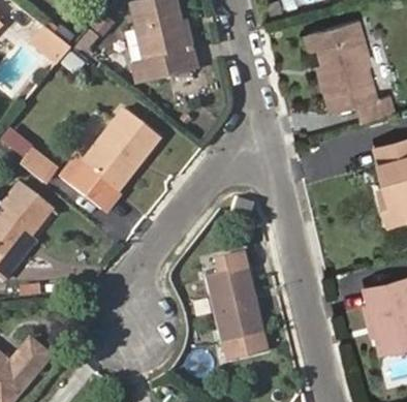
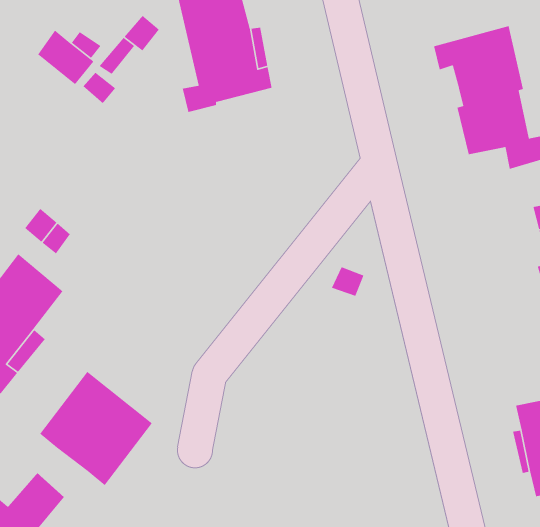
building: [60,110,158,213] -> none
building: [203,251,261,362] -> none
building: none -> [39,371,153,486]

